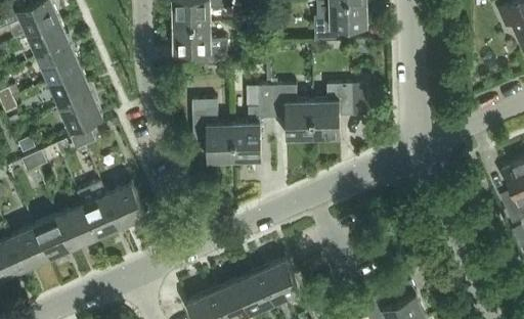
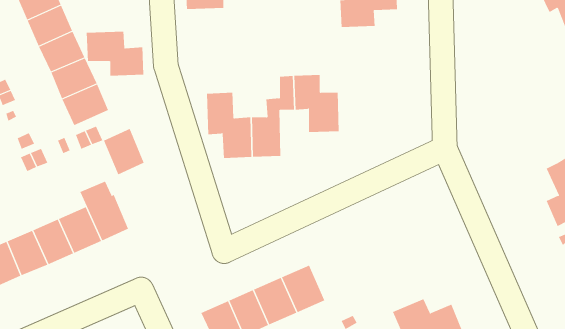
building: [173,26,226,66] -> [86,31,144,76]
building: [312,84,363,138] -> none
building: [107,184,145,227] -> [103,128,145,175]

